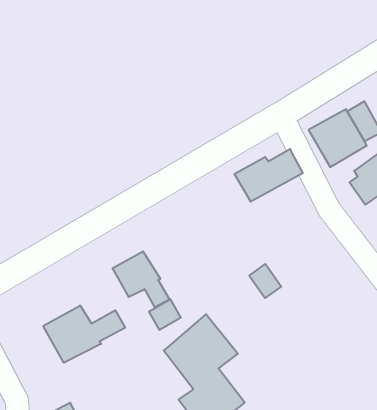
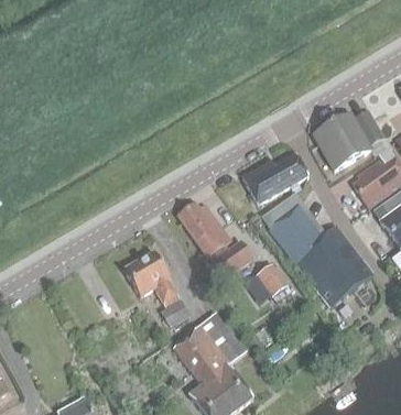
building: none -> [177,201,251,277]
building: none -> [269,205,373,306]
building: [43,305,125,363] -> none

